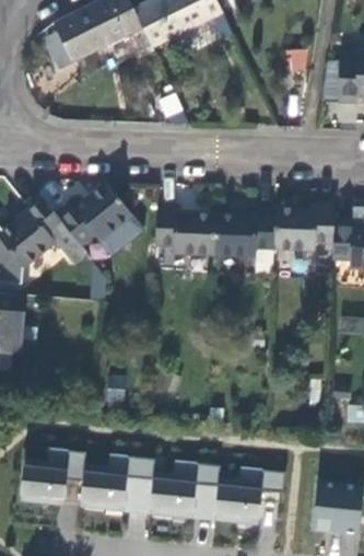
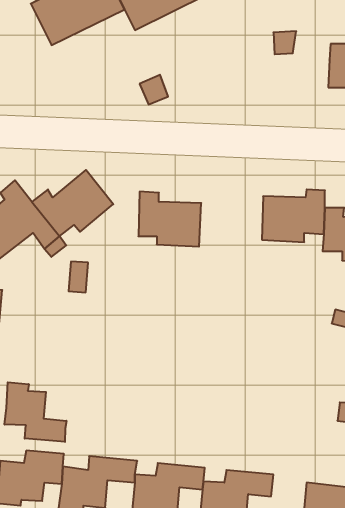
building: [213,208,274,258] -> none
building: none -> [5,382,66,442]

